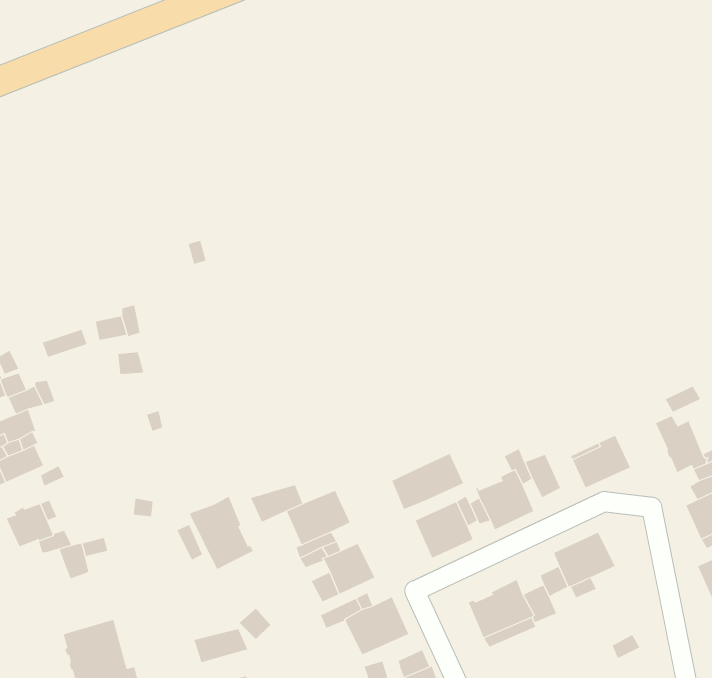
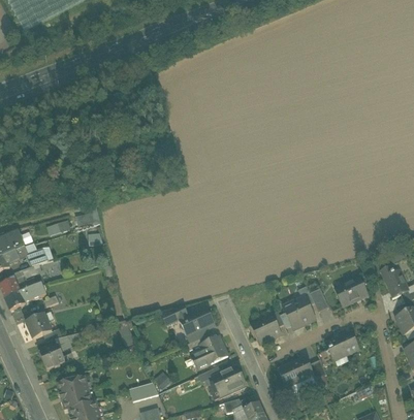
building: [392,453,464,510] -> none
building: [190,496,254,570] -> none
building: none -> [39,345,73,368]

